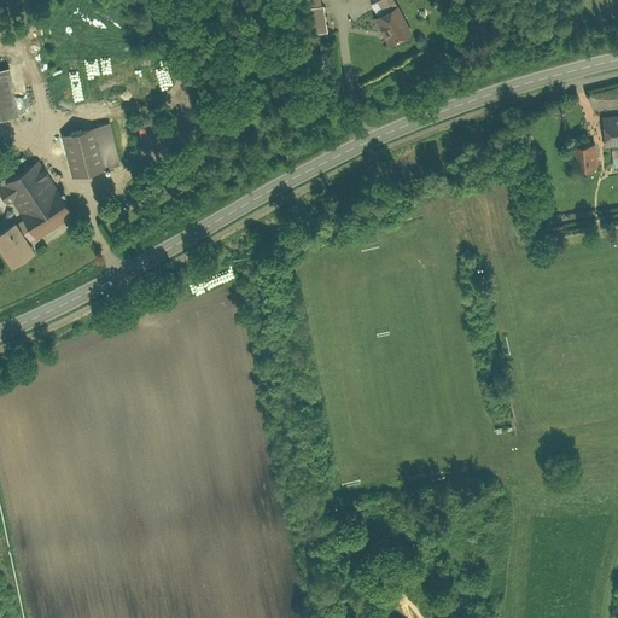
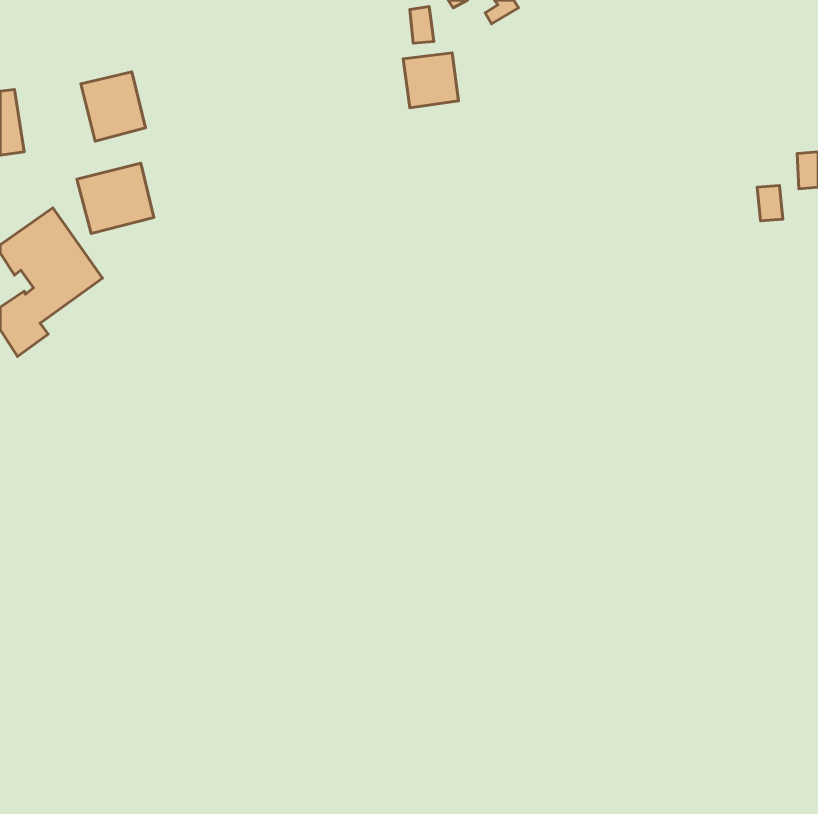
building: [373,8,414,52] -> none
building: none -> [403,53,458,108]
building: none -> [81,72,146,141]

